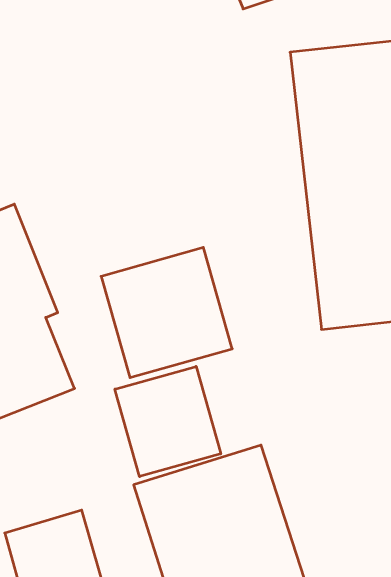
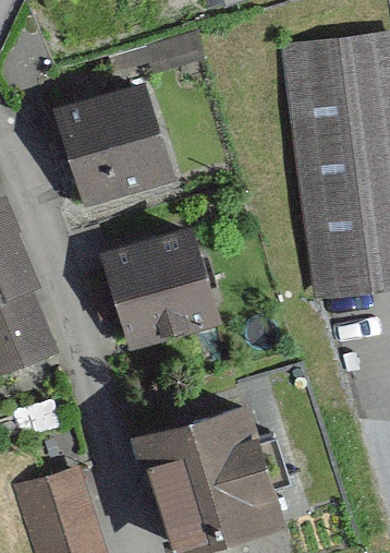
building: none -> [61,77,200,208]
building: [115,366,221,477] -> none

